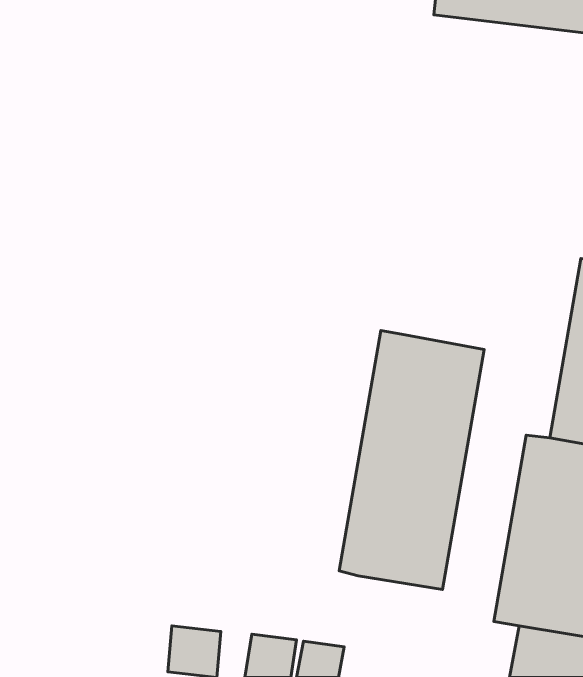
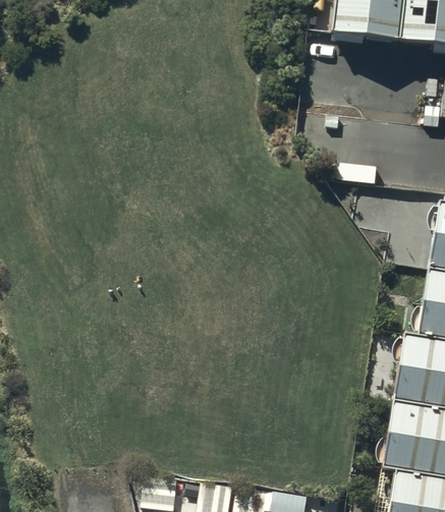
building: [339,330,484,590] -> none

